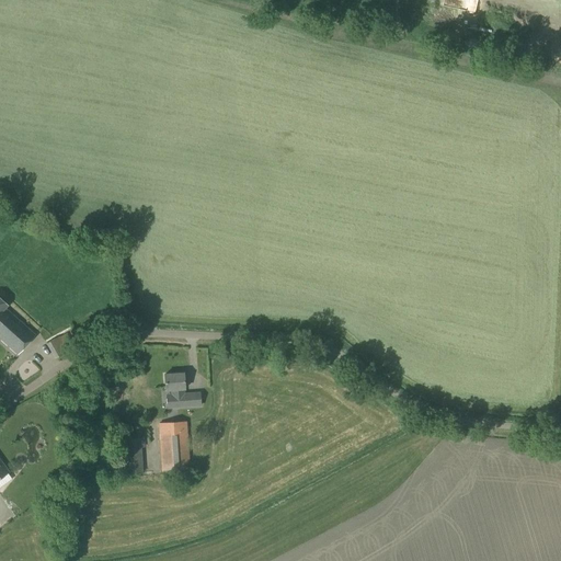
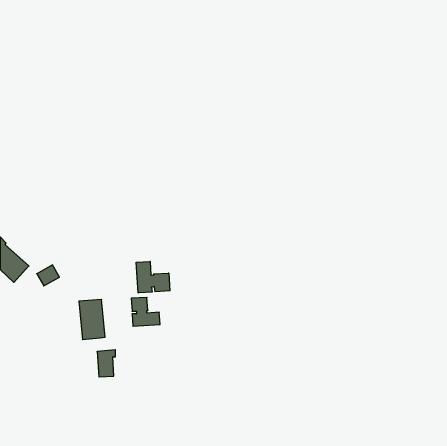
building: none -> [136,261,170,293]
building: [158,421,191,471] -> [79,299,105,340]

